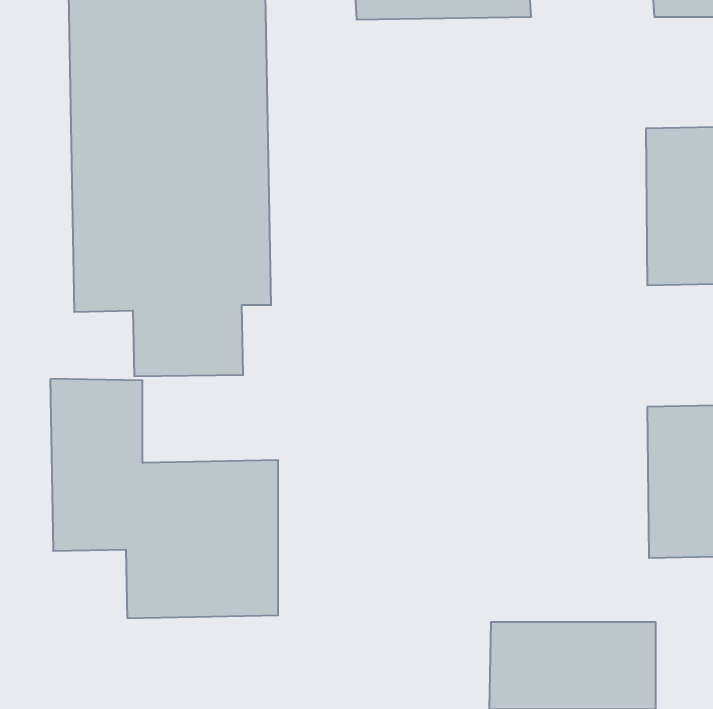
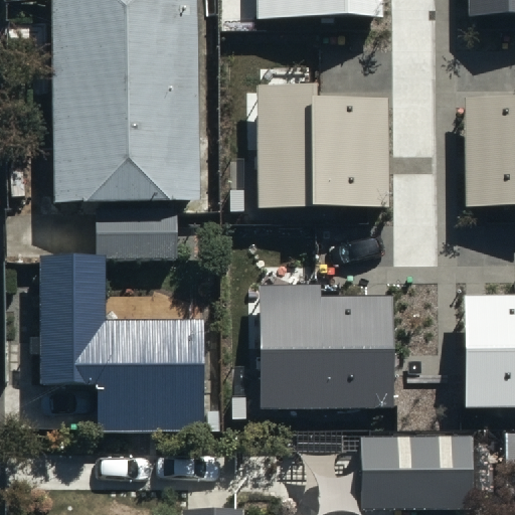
building: none -> [259,81,390,205]
building: none -> [263,282,395,405]

